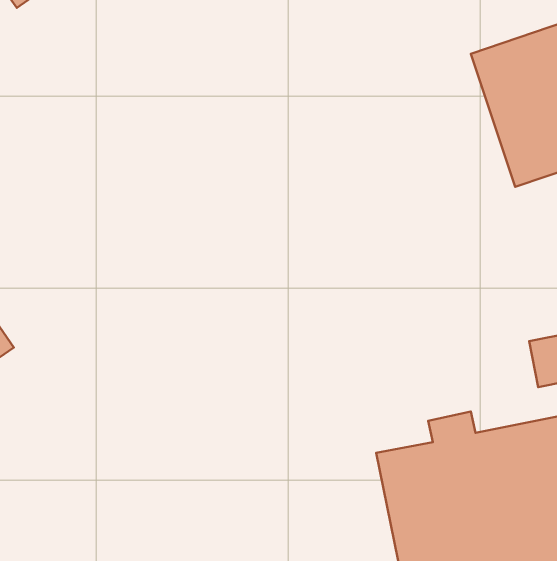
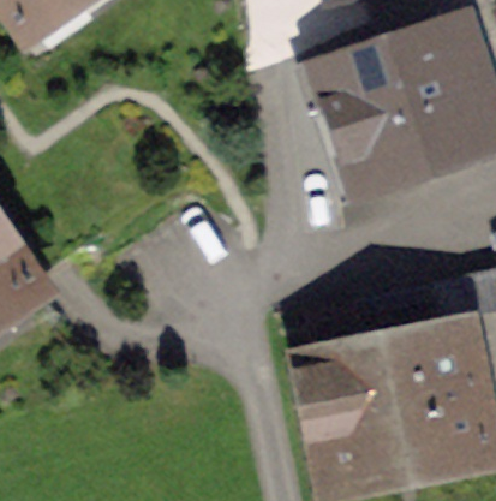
building: none -> [321,55,438,187]

